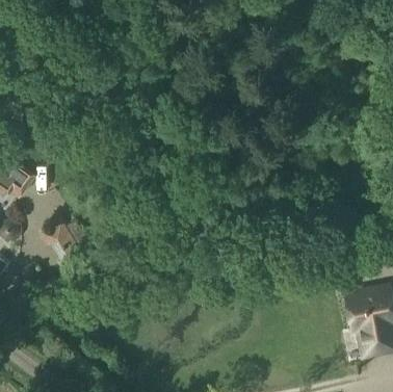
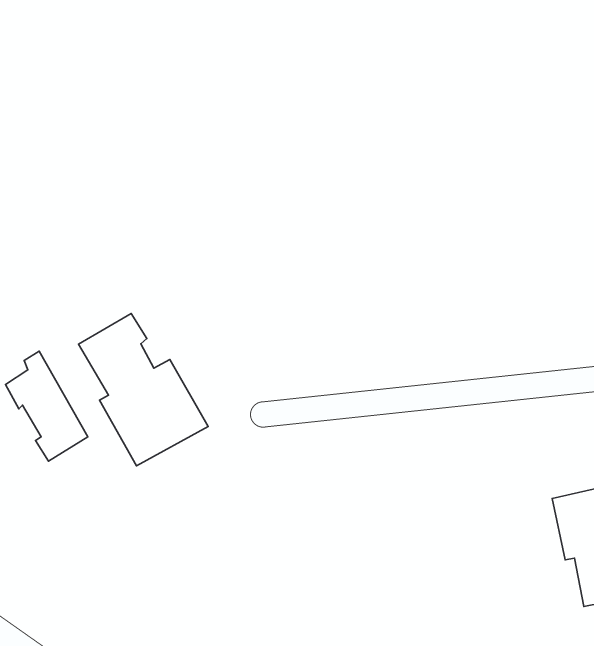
building: none -> [78,314,208,466]

